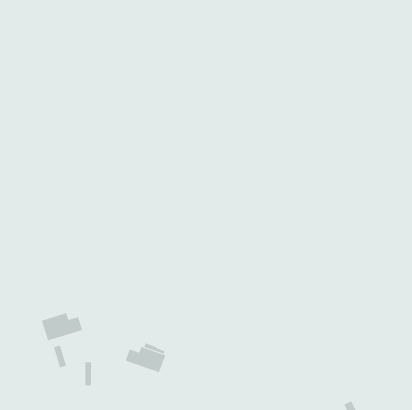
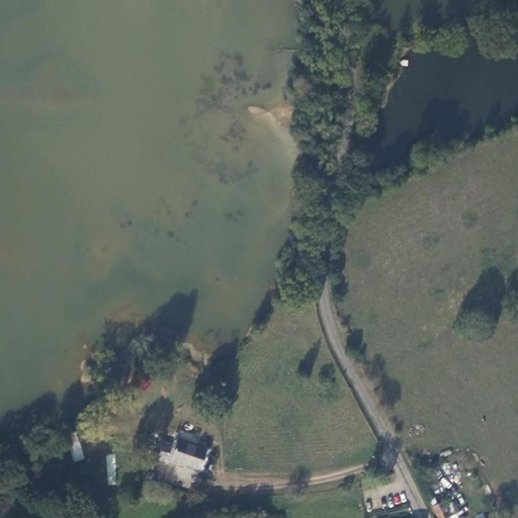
building: [41,312,83,341] -> none

